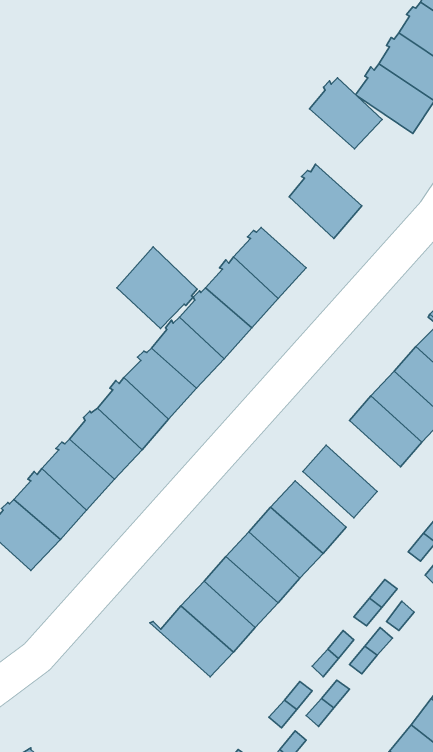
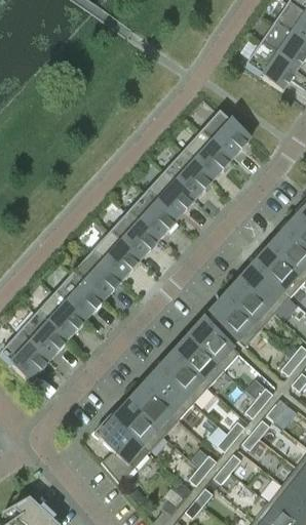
building: [310,78,382,149] -> [183,132,231,179]
building: [117,247,197,329] -> none
building: none -> [226,281,275,328]
building: none -> [93,415,149,483]

